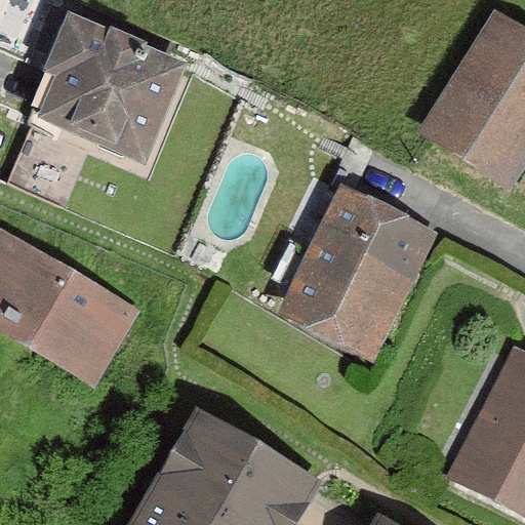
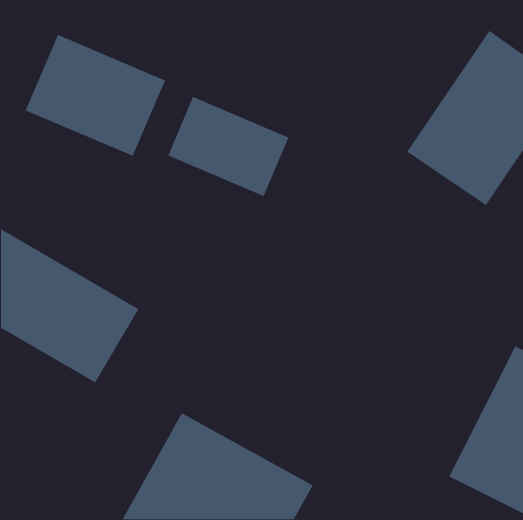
building: none -> [167,96,289,197]
building: [281,185,438,359] -> none

